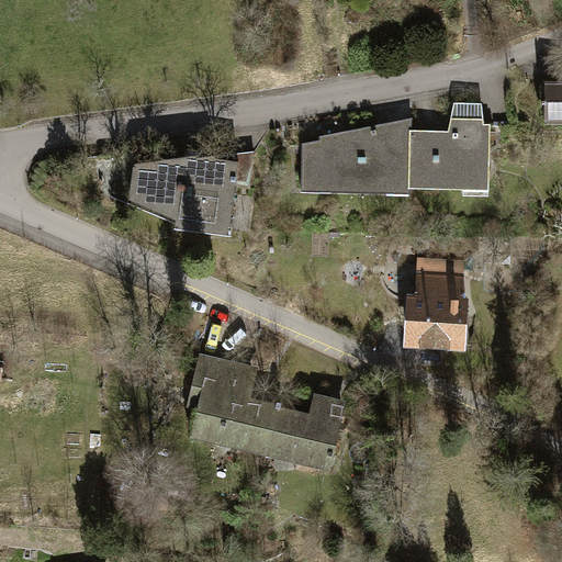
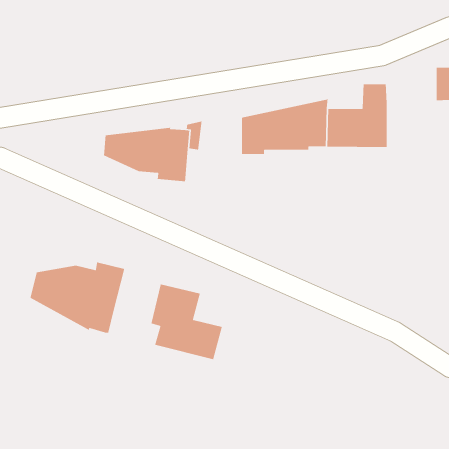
building: [409,260,464,348] -> none
building: none -> [30,262,125,333]
building: [268,406,342,471] -> none

